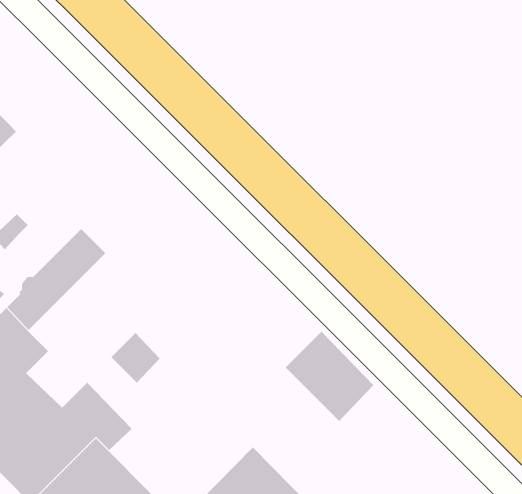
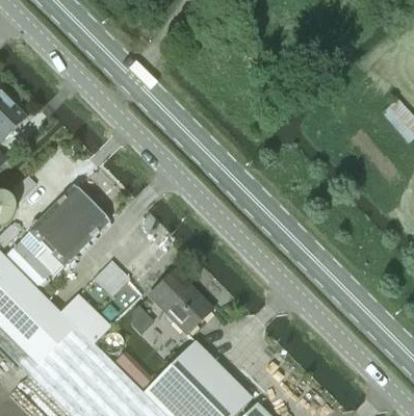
building: none -> [36,203,109,276]
building: [285,331,374,422] -> [149,269,212,334]

